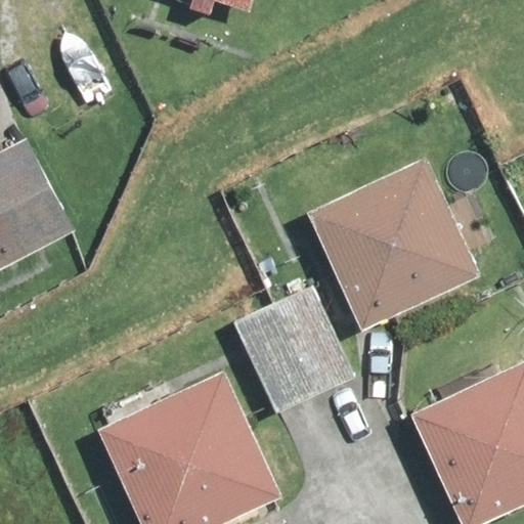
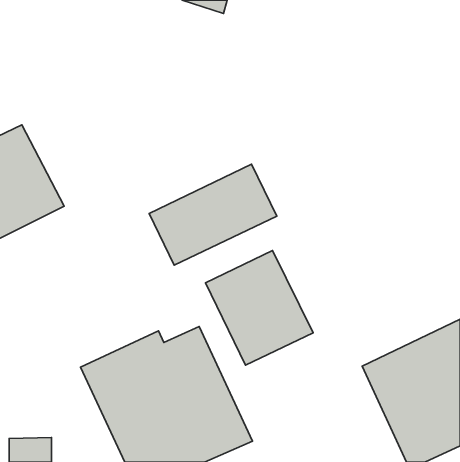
building: [311,162,481,332] -> none
building: none -> [149,164,277,265]

